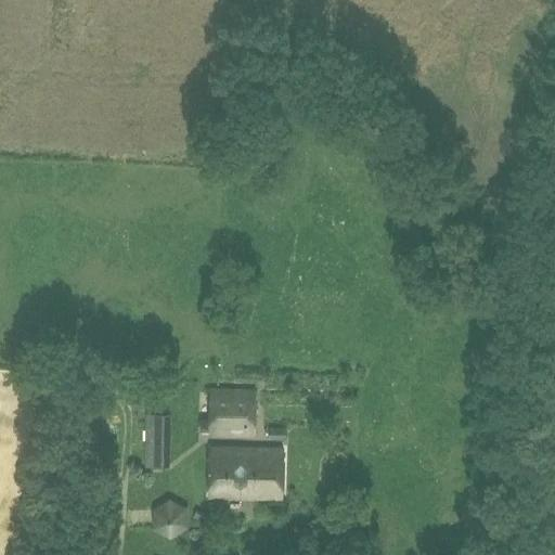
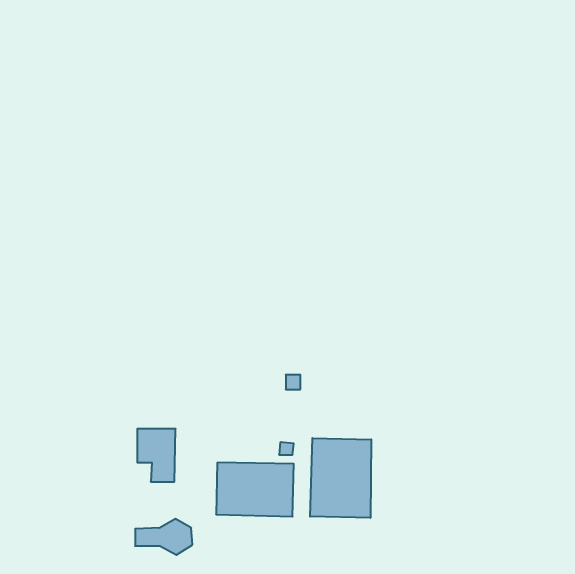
building: [209,388,255,434] -> none
building: none -> [310,438,371,518]

